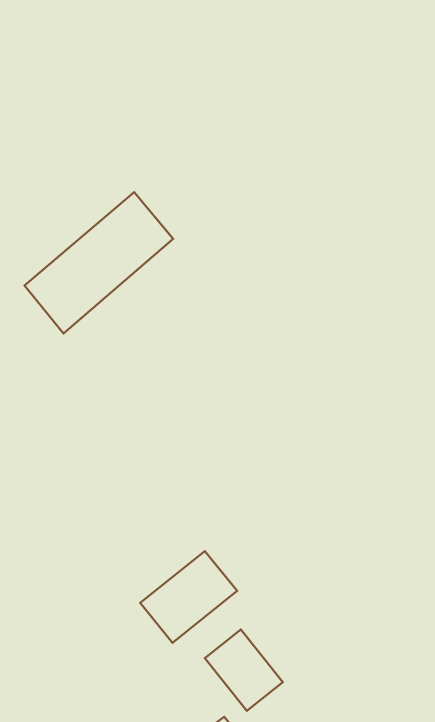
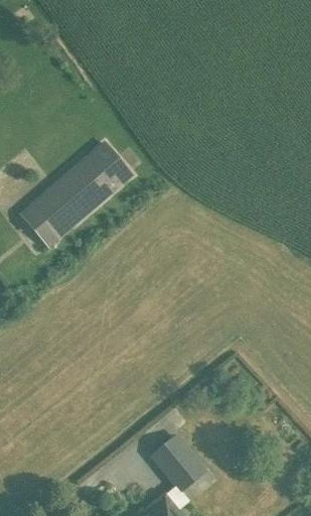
building: [140,551,237,643] -> none

